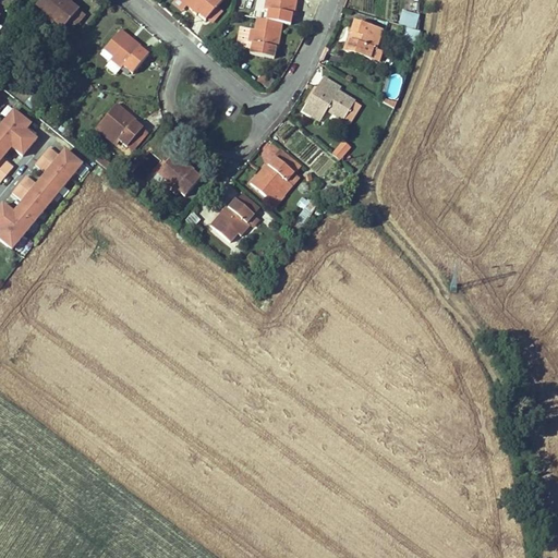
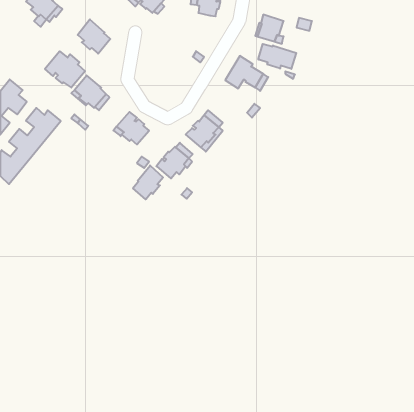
building: [248,15,282,56] -> none
building: none -> [258,44,296,69]
building: none -> [45,51,85,88]
building: none -> [133,165,163,199]

